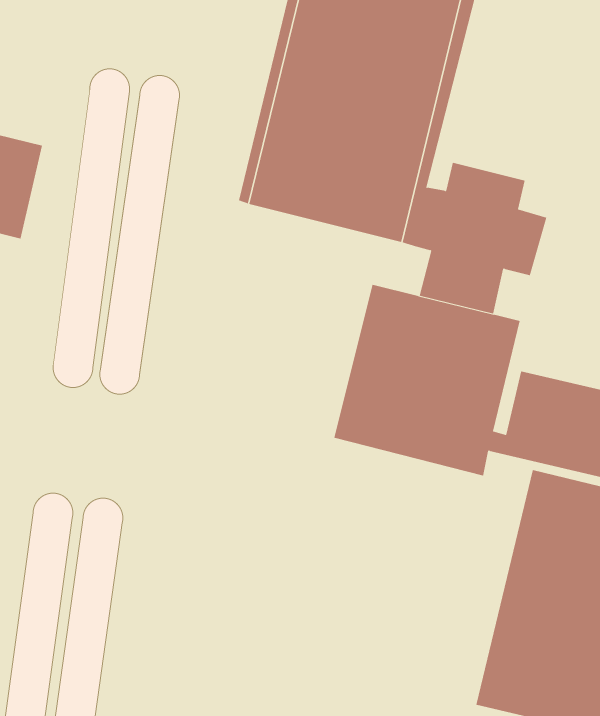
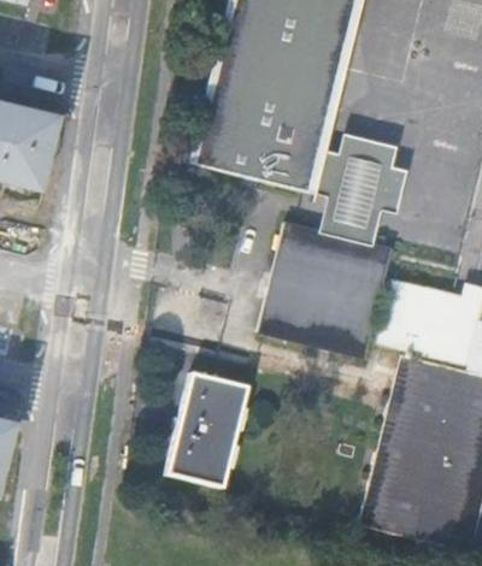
building: none -> [167,372,246,485]

